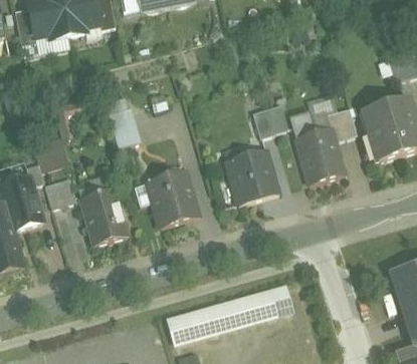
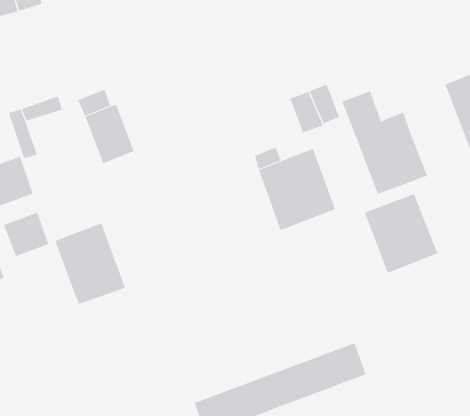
building: [327,106,356,139] -> none
building: [147,169,197,226] -> none
building: none -> [364,193,438,274]

